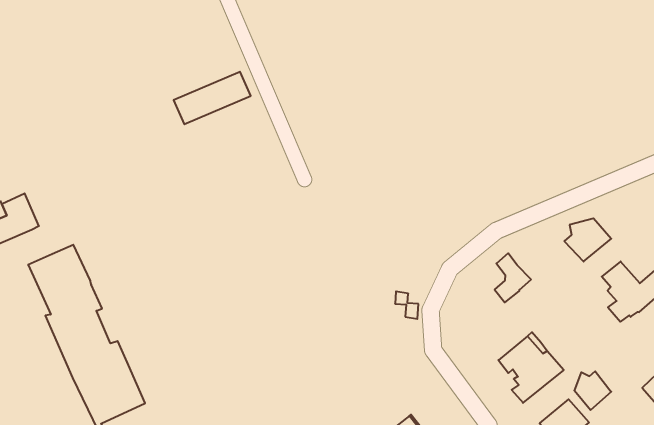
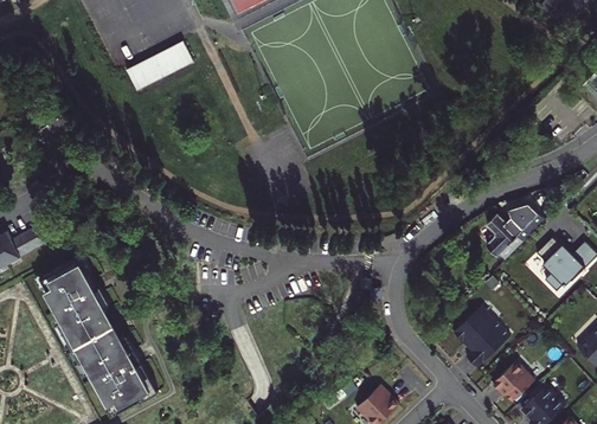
building: [174,72,251,124] -> [124,44,191,92]
building: [495,253,531,302] -> [484,216,515,258]
building: [574,371,611,410] -> none

